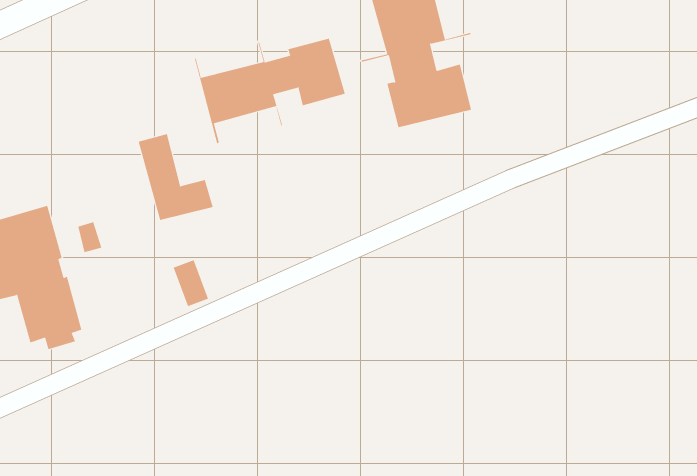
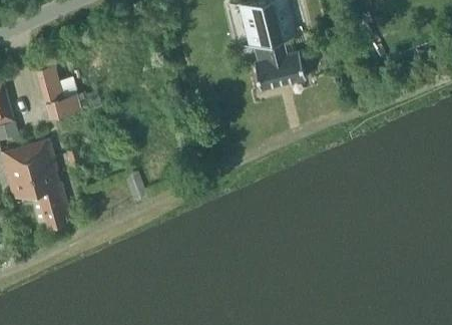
building: [194,38,345,144] -> none
building: [138,133,214,220] -> [37,64,83,117]

